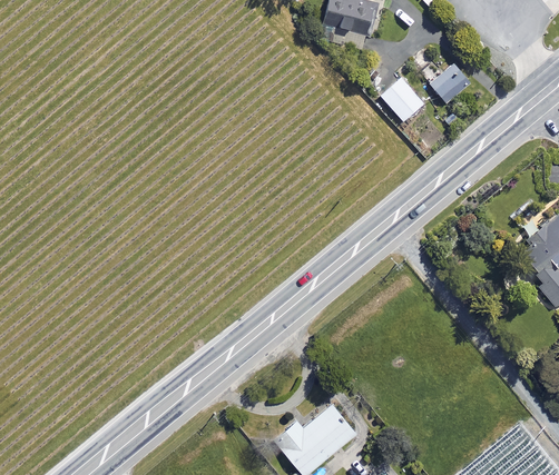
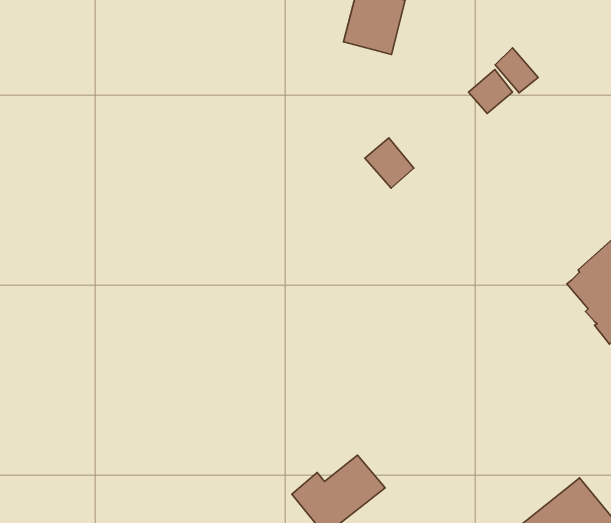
building: none -> [495,48,538,93]
building: [381,77,424,121] -> [365,138,414,188]

